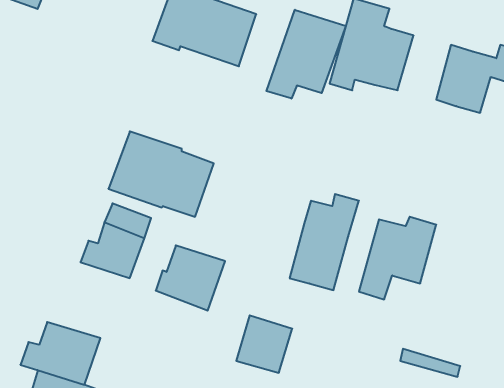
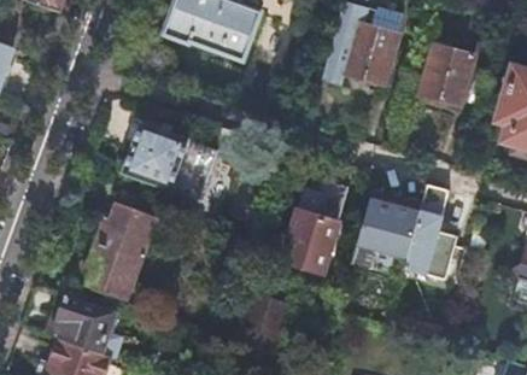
building: [266,10,346,99] -> none
building: none -> [404,184,456,277]
building: [156,245,225,311] -> [80,240,142,299]

